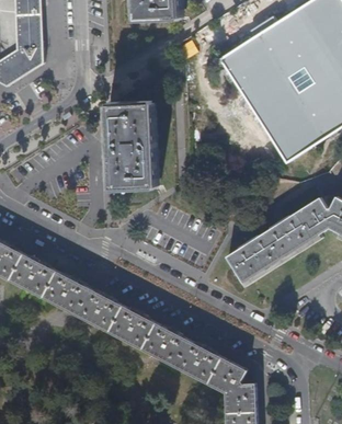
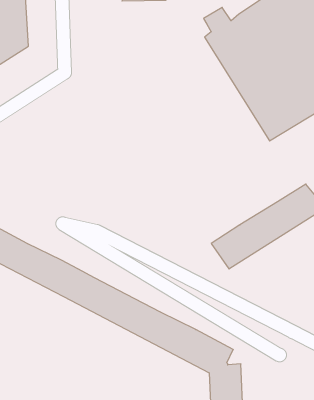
building: [109,102,155,187] -> none

